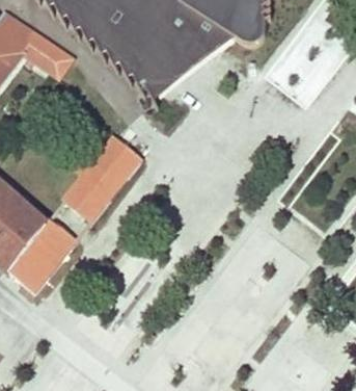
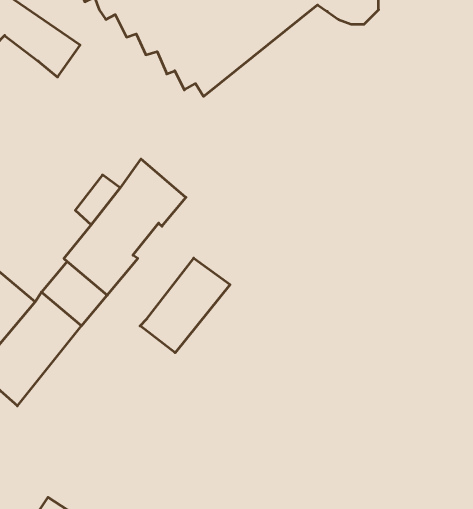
building: none -> [140,258,230,353]

